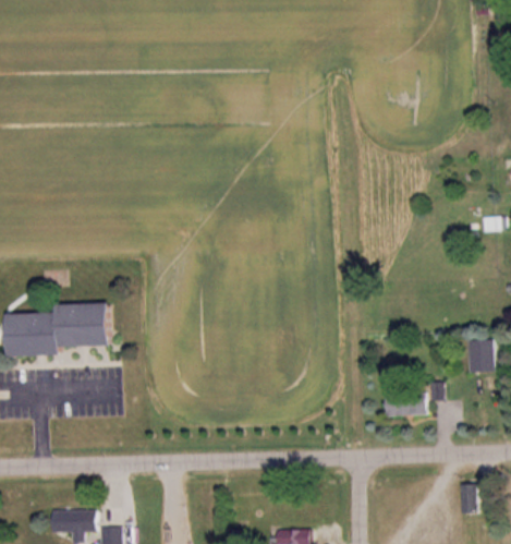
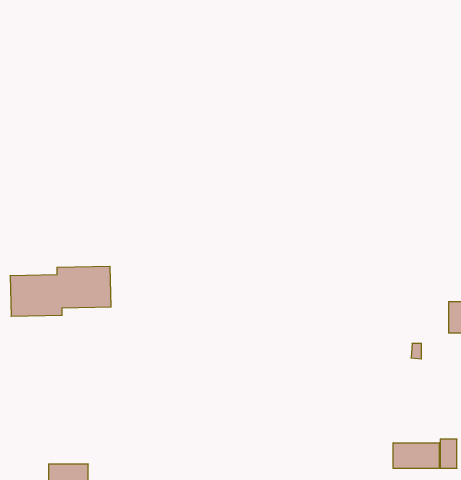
building: [387,392,428,415] -> none
building: none -> [393,443,439,468]

